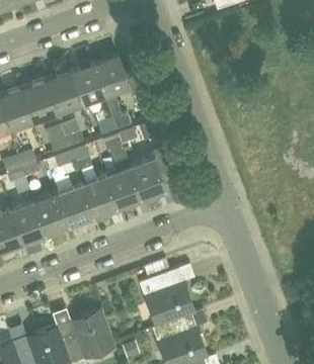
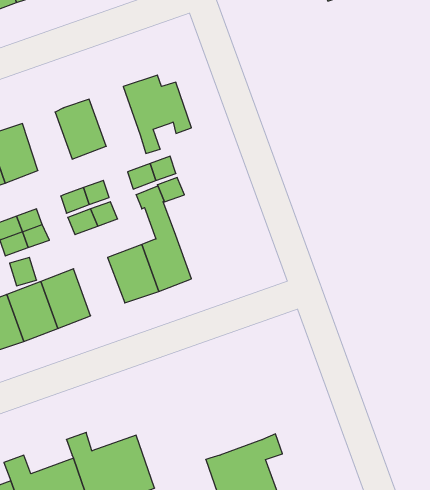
building: [68,63,104,105] -> none
building: [20,81,56,122] -> none
building: [129,148,171,199] -> none
building: [57,184,93,225] -> none
building: [138,259,193,327] -> none

